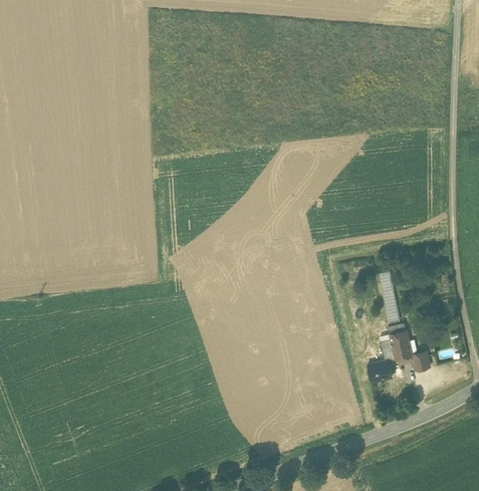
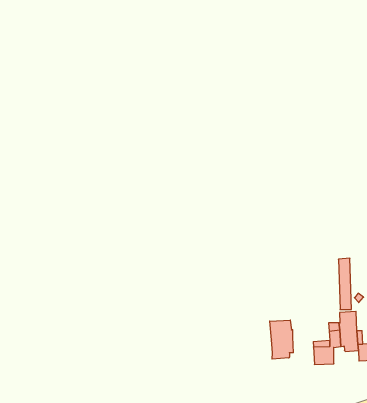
building: none -> [270,320,293,359]

